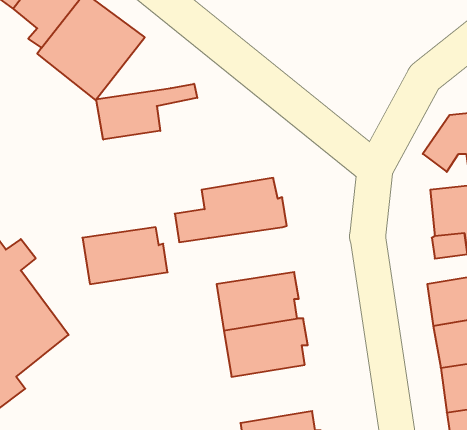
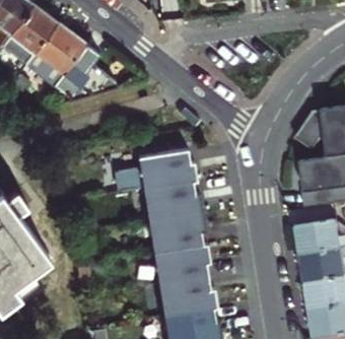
building: [96,84,197,140] -> none
building: [82,227,168,284] -> [148,187,206,225]
building: none -> [163,280,222,320]

